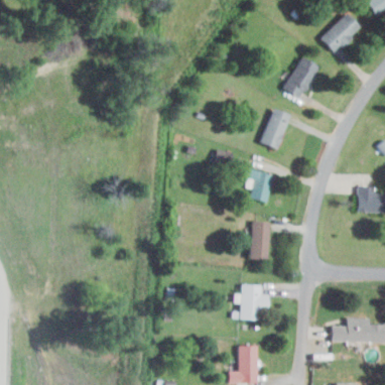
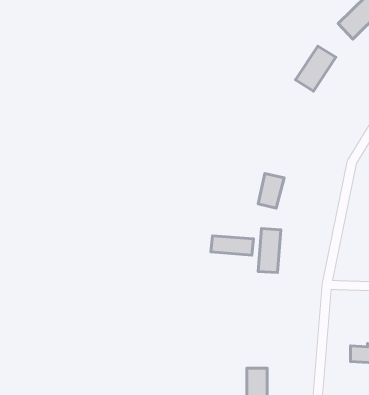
building: [260,108,289,148] -> none
building: none -> [211,236,254,255]
building: [240,284,269,319] -> none

